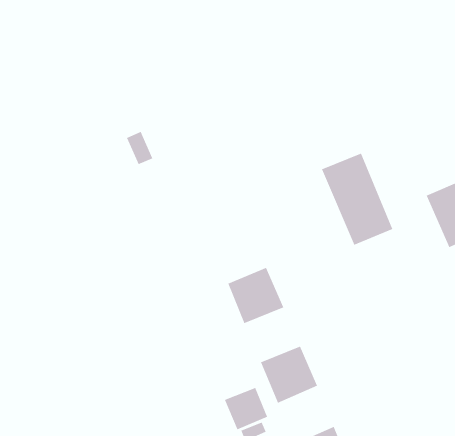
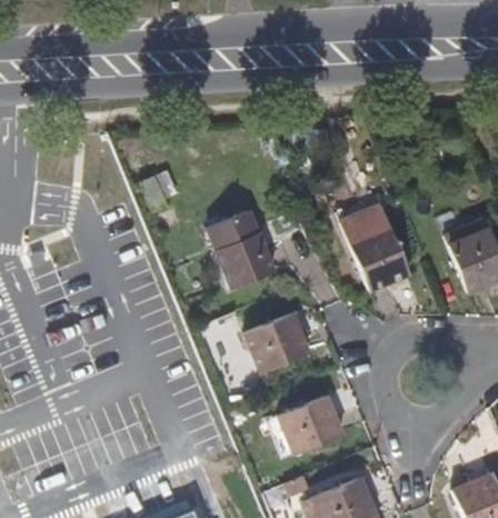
building: none -> [207,208,276,289]
building: [224,387,268,430] -> none

